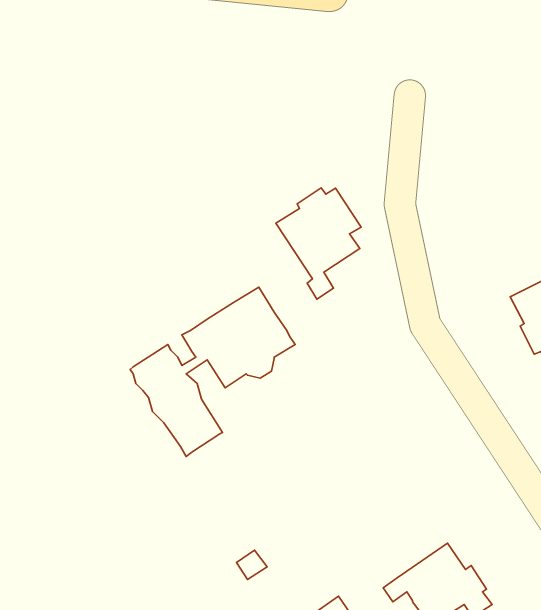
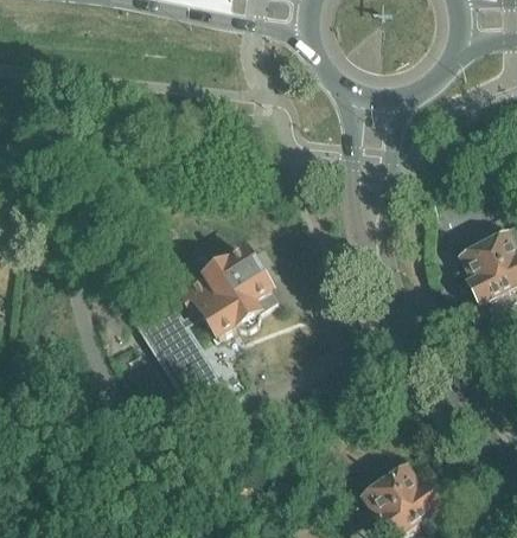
building: [276,188,361,299] -> none

